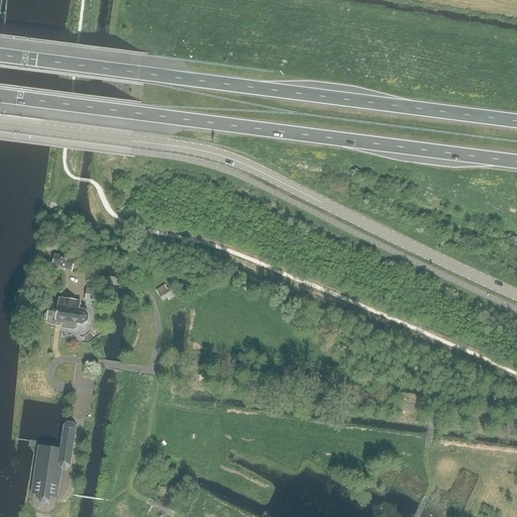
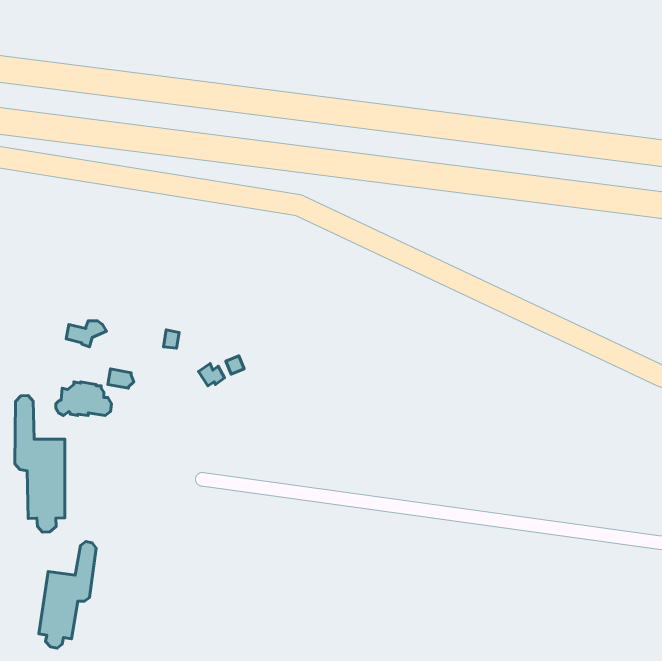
building: none -> [15,396,65,532]

